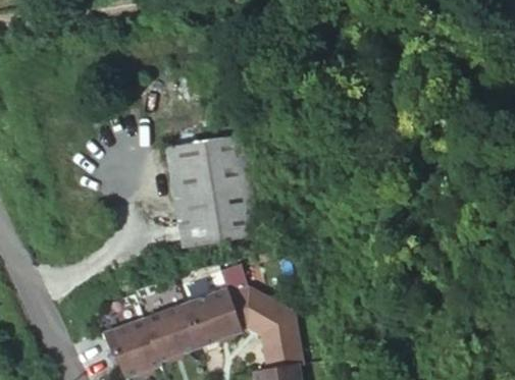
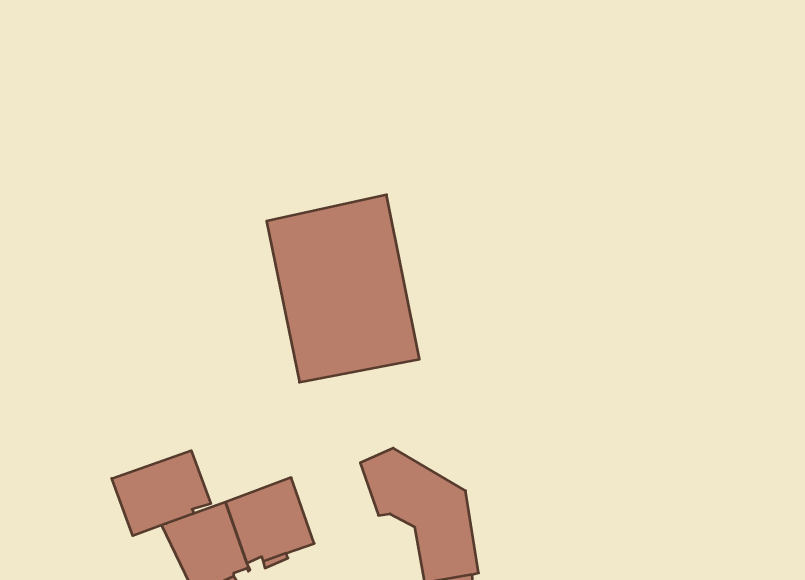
building: none -> [112,451,211,536]
building: [183,290,237,345] -> none

